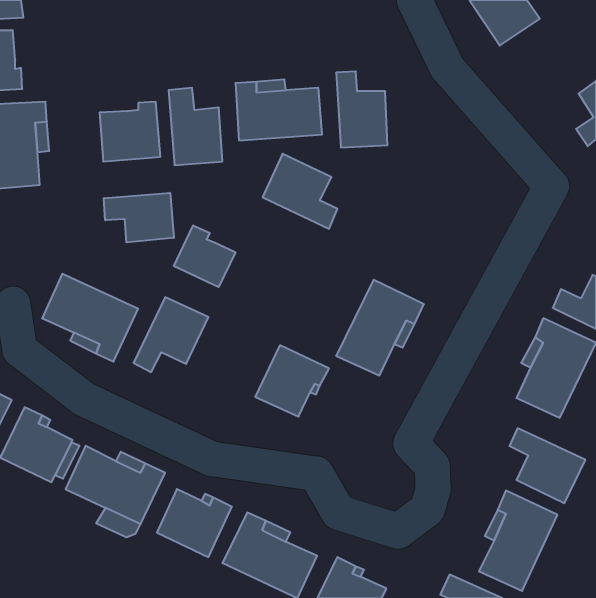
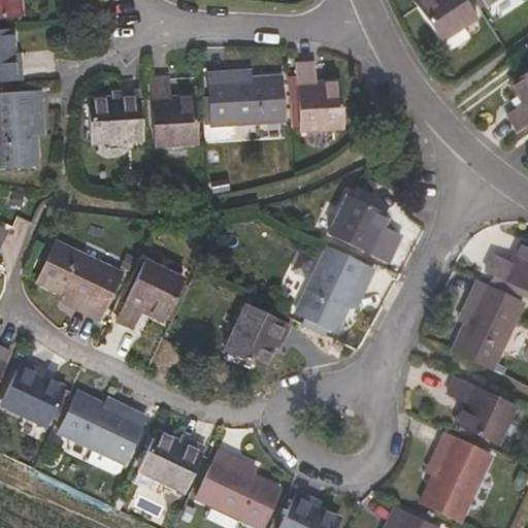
building: [263,154,337,229] -> [329,195,395,261]
building: [104,193,174,242] -> none
building: [174,225,235,287] -> none

